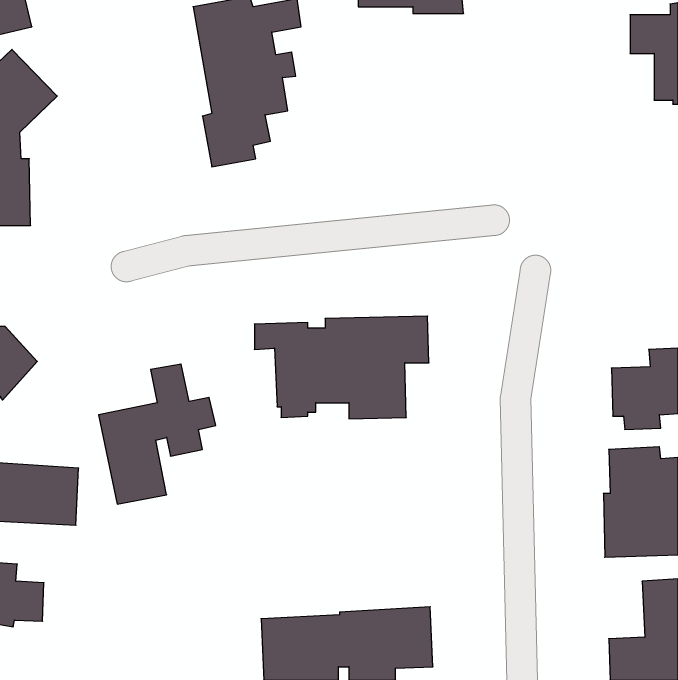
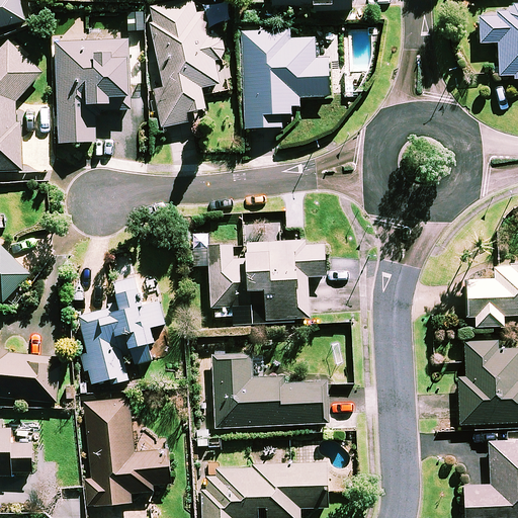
building: none -> [241,29,330,126]
building: none -> [57,38,131,142]
building: none -> [213,355,328,427]
building: none -> [85,398,171,503]

